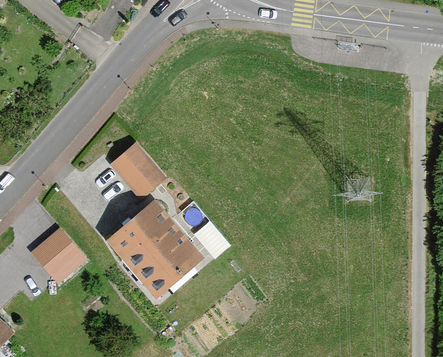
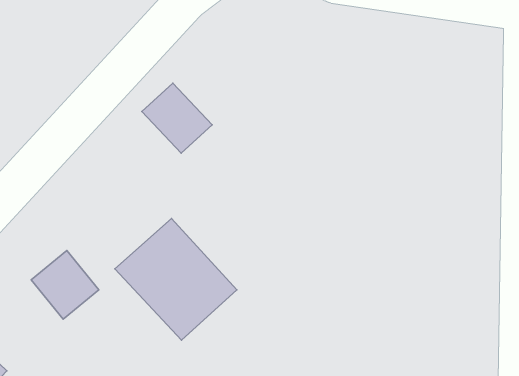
building: [111,143,168,200] -> [142,83,212,153]

